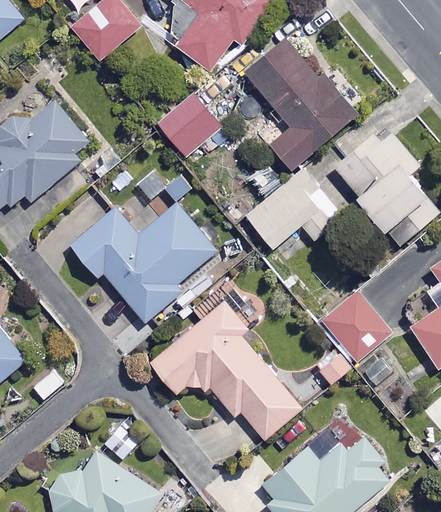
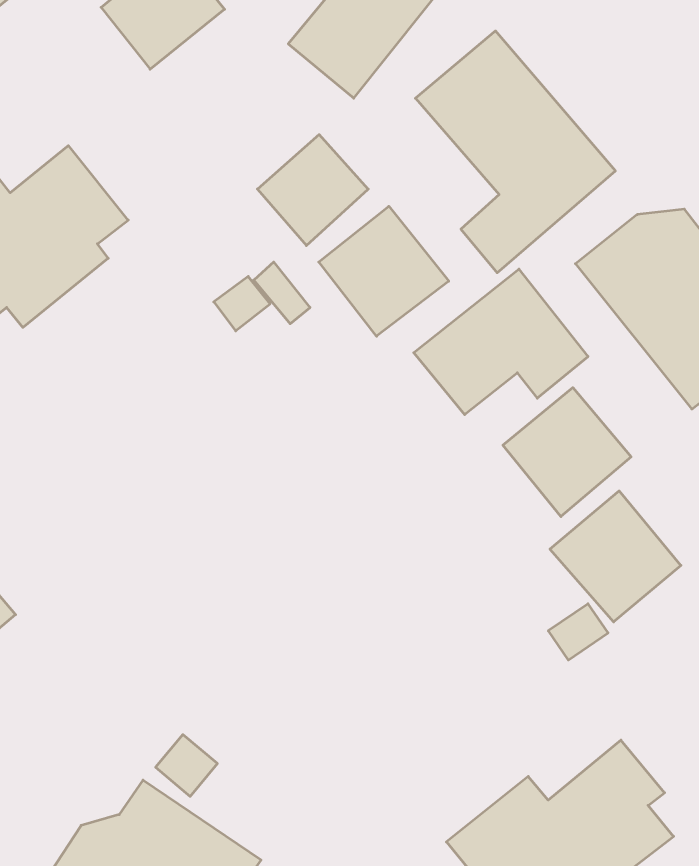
building: none -> [319,206,449,336]
building: [71,206,214,321] -> none
building: none -> [503,388,631,517]
building: [150,299,300,439] -> none

